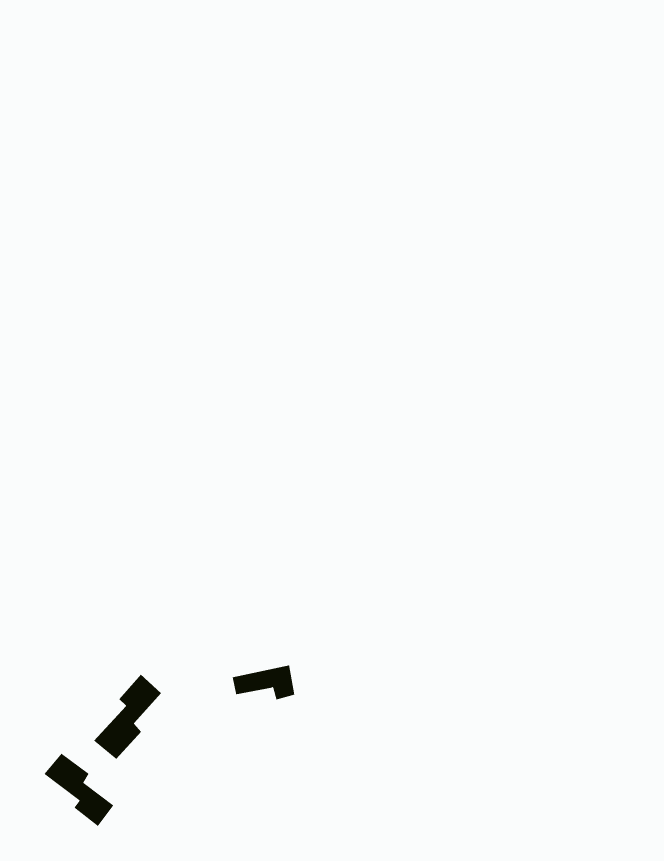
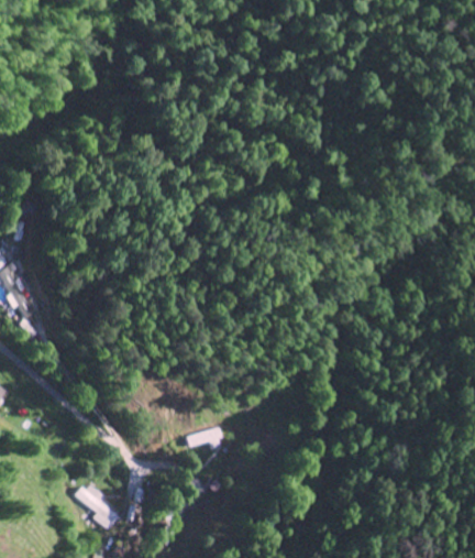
building: [93,674,162,760] -> none

